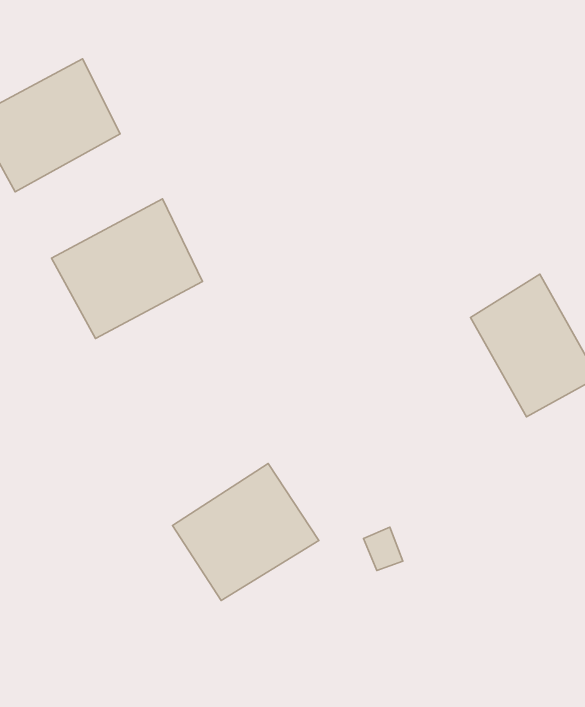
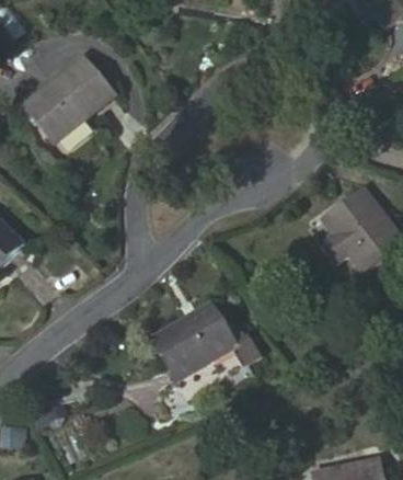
building: [52,199,202,338] -> none

